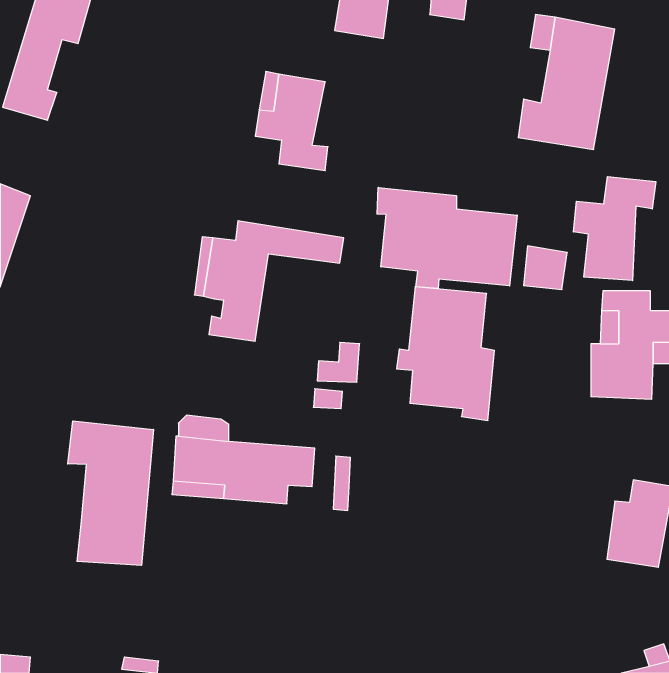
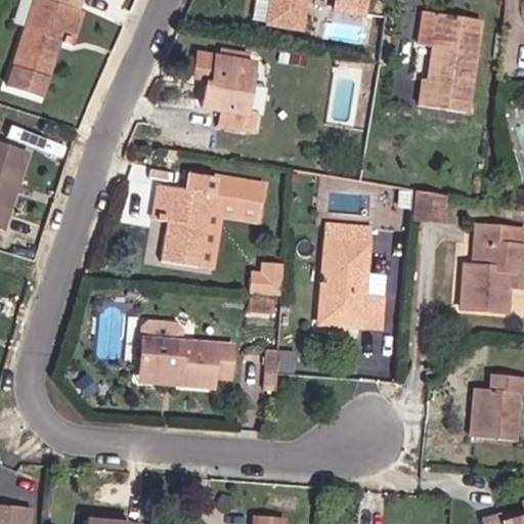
building: [573,177,656,281] -> none
building: [377,187,517,289] -> none
building: none -> [203,196,268,266]
building: [68,421,153,565] -> none

